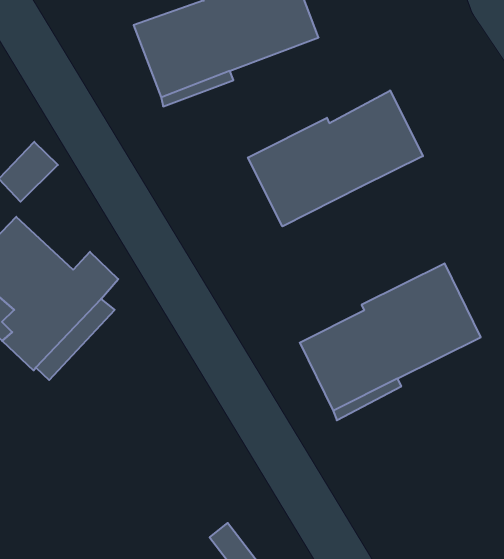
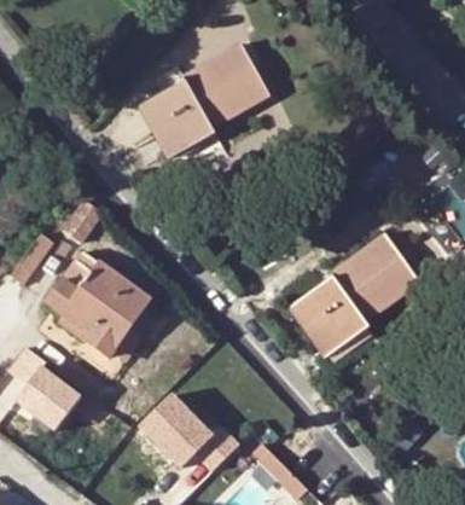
building: [248,90,423,226] -> none
building: none -> [121,390,236,471]

